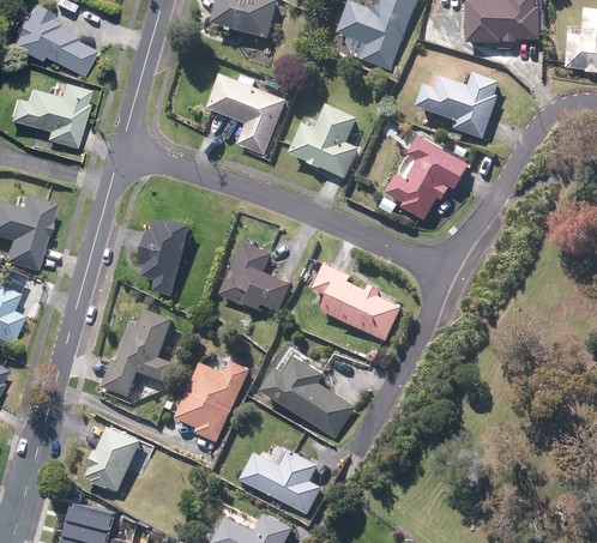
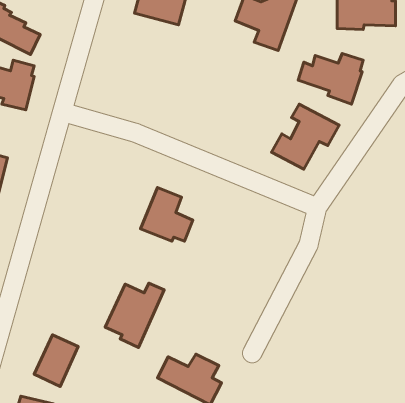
building: [206,74,284,153] -> none
building: [289,104,357,177] -> none
building: [138,219,189,295] -> none
building: [312,264,399,339] -> none
building: [102,309,171,394] -> none
building: [260,357,354,438] -> none

